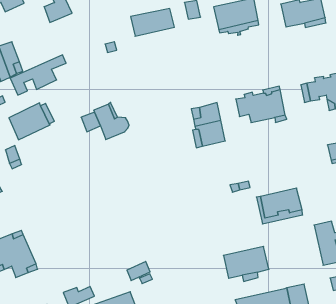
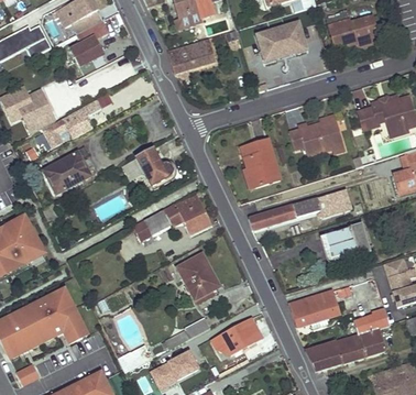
building: none -> [134,194,210,240]
building: none -> [248,189,351,230]
building: none -> [177,254,219,303]
building: none -> [353,308,390,333]
building: none -> [212,322,255,354]

